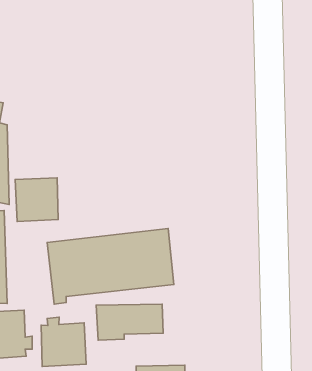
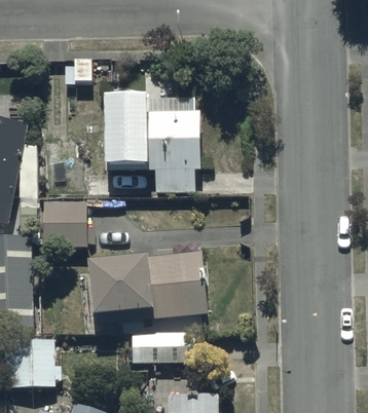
building: none -> [104,91,203,189]
building: [41,317,86,367] -> none

